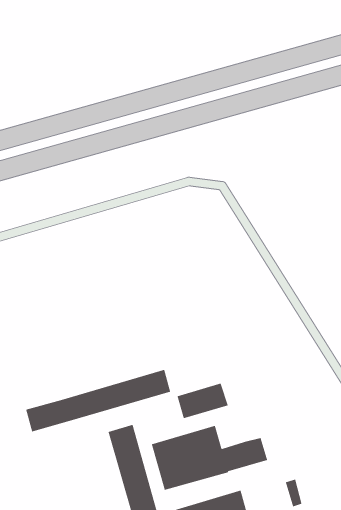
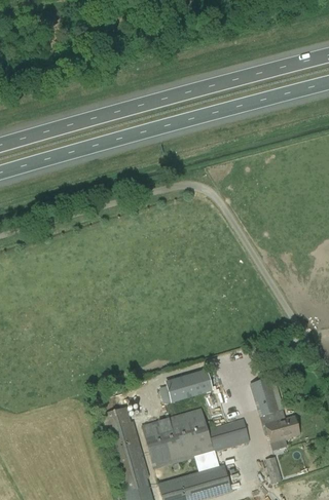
building: [25,369,171,432] -> none
building: none -> [251,377,301,443]

